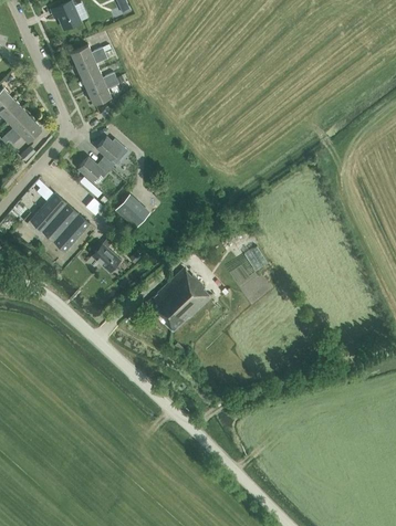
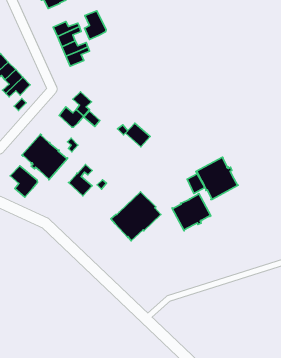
building: none -> [84,11,106,39]
building: [116,198,148,229] -> [125,123,150,147]
building: none -> [196,157,238,199]
building: none -> [10,166,37,197]
building: none -> [172,194,211,231]

